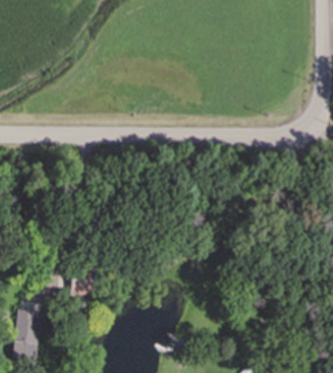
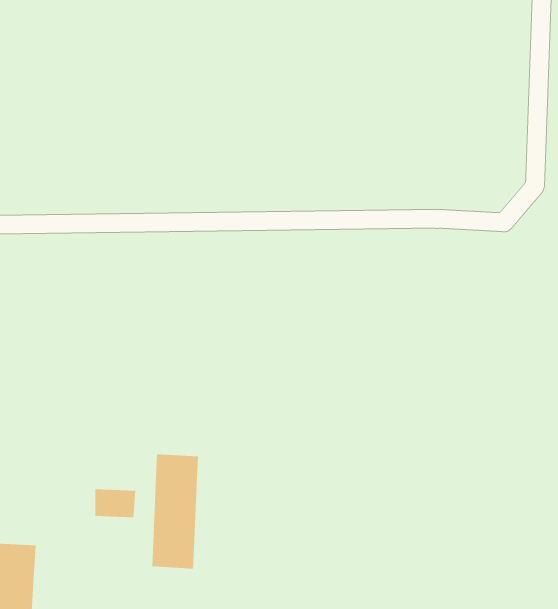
building: none -> [152,453,198,569]

